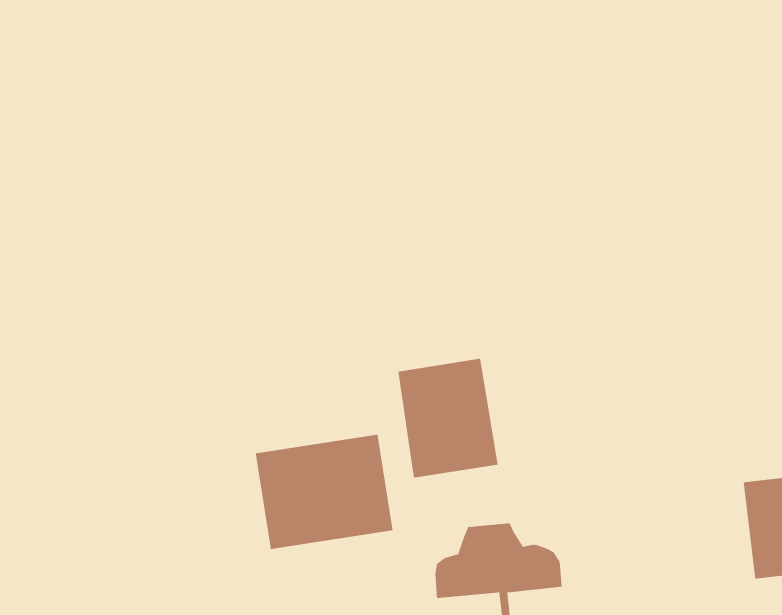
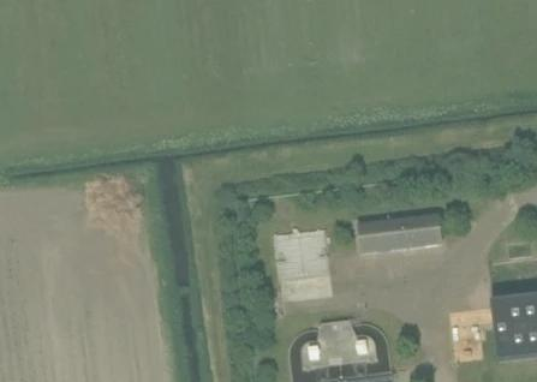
building: none -> [357,213,442,251]
building: [255,434,393,550] -> none

